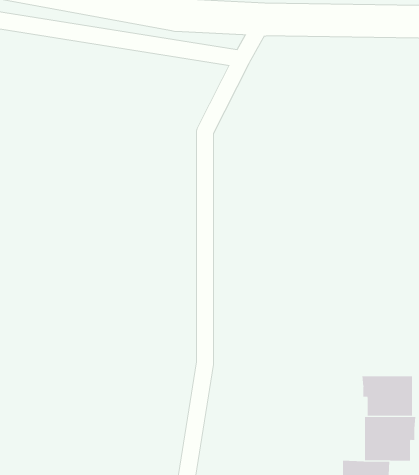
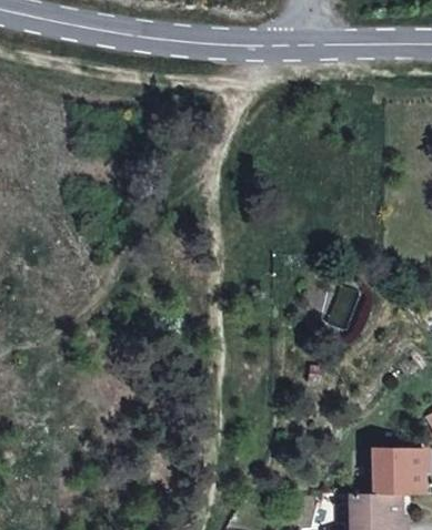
building: [362,376,412,416] -> none

